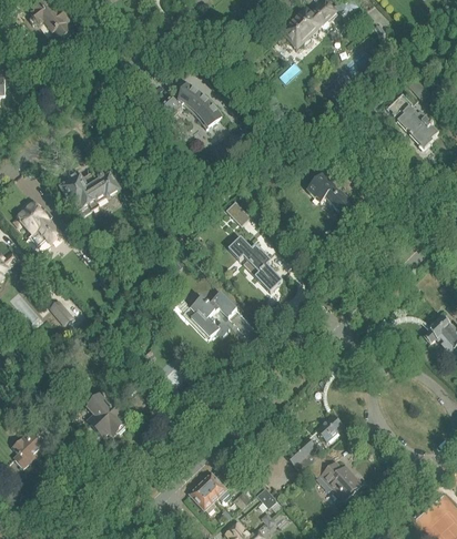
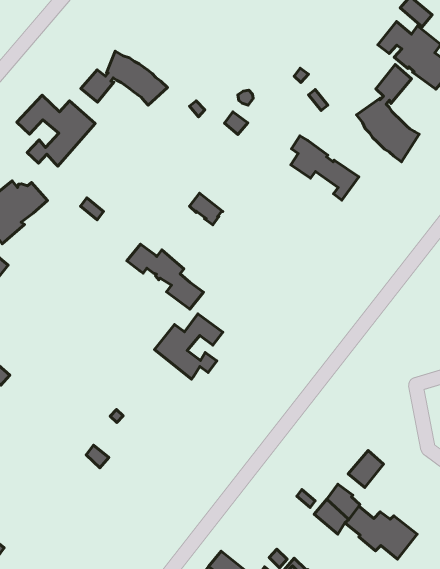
building: none -> [17,95,95,166]
building: none -> [357,65,419,162]
building: [227,236,282,291] -> [127,244,203,309]
building: [88,393,124,435] -> none

